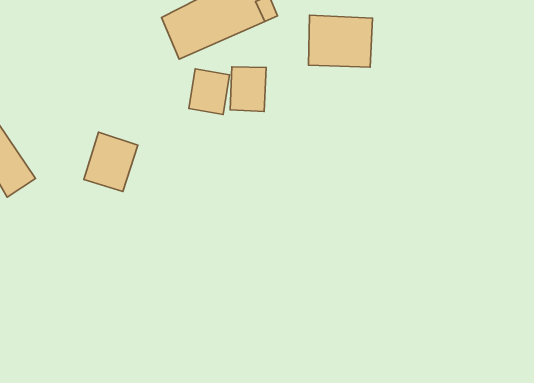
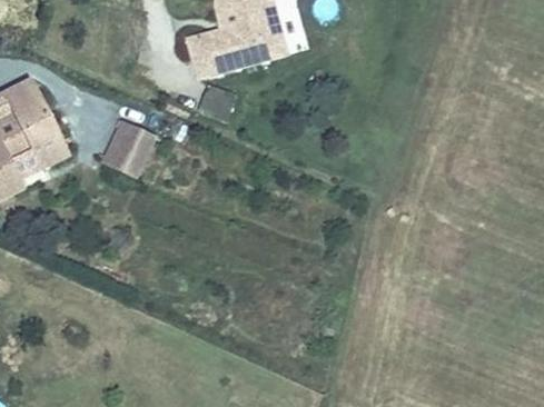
building: [309,15,373,67] -> none
building: [230,67,266,112] -> none

